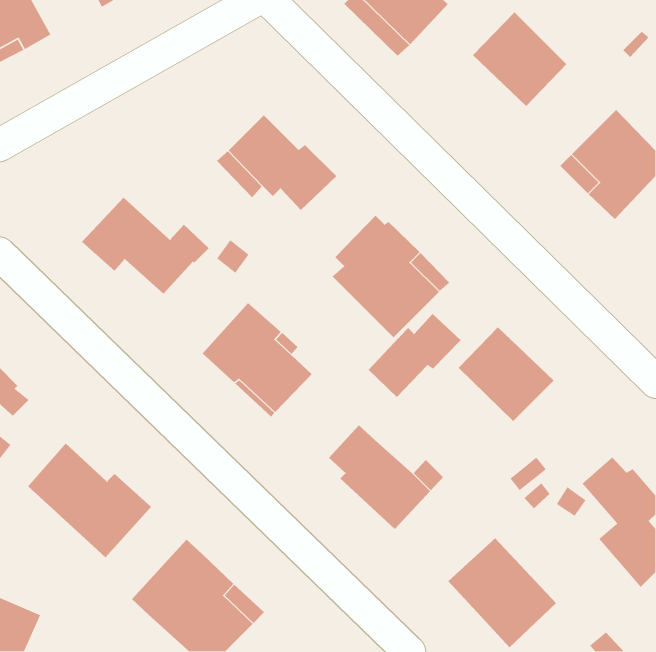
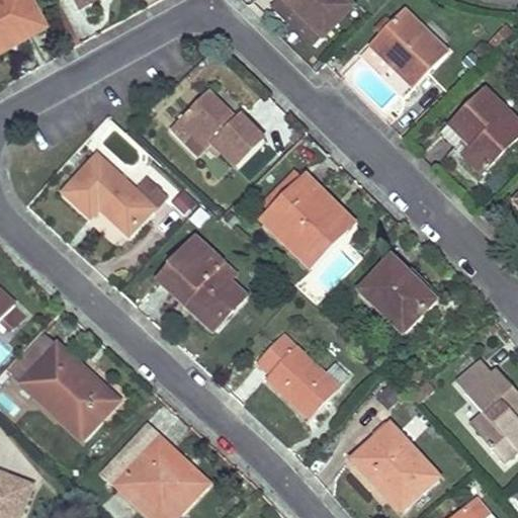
building: [368,313,462,398] -> none
building: none -> [6,329,90,382]

